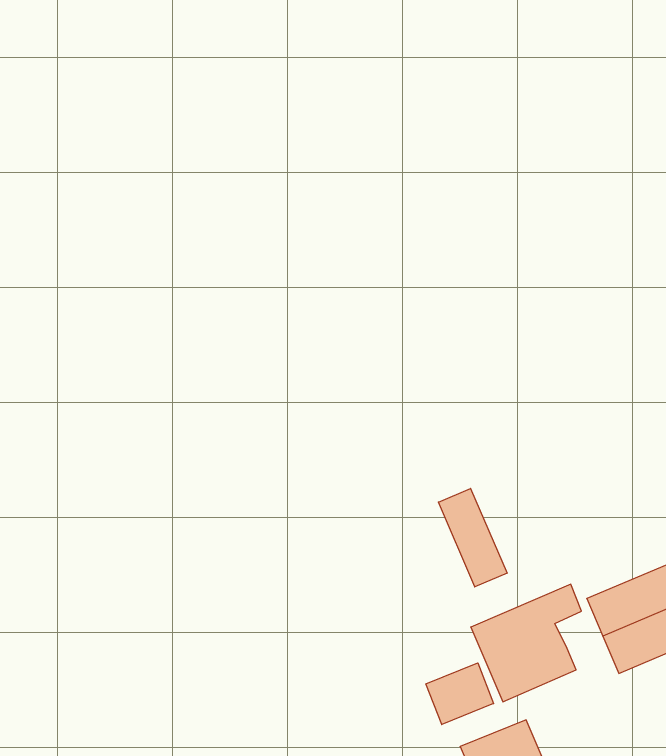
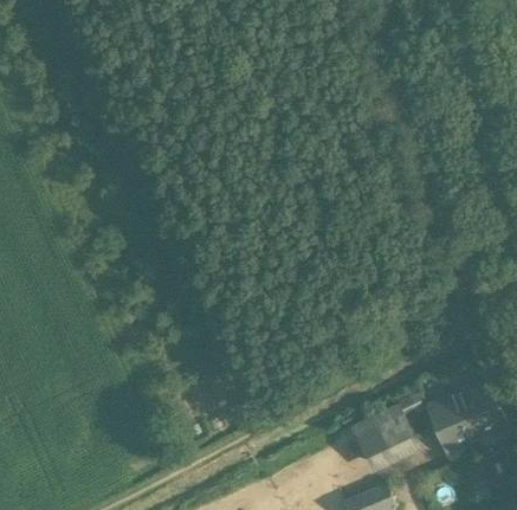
building: [438,488,507,587] -> none
building: [426,663,494,725] -> none

